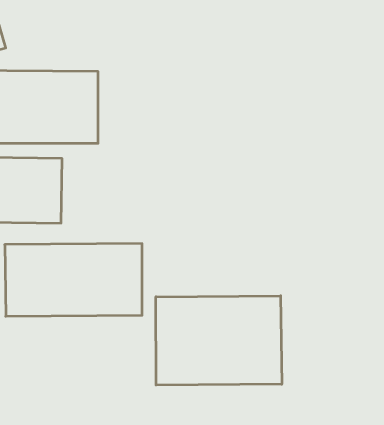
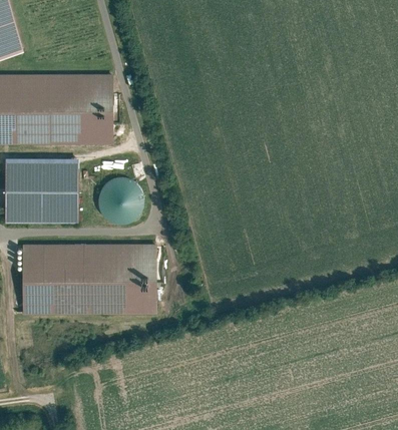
building: none -> [97,177,143,224]
building: [156,296,282,385] -> none

